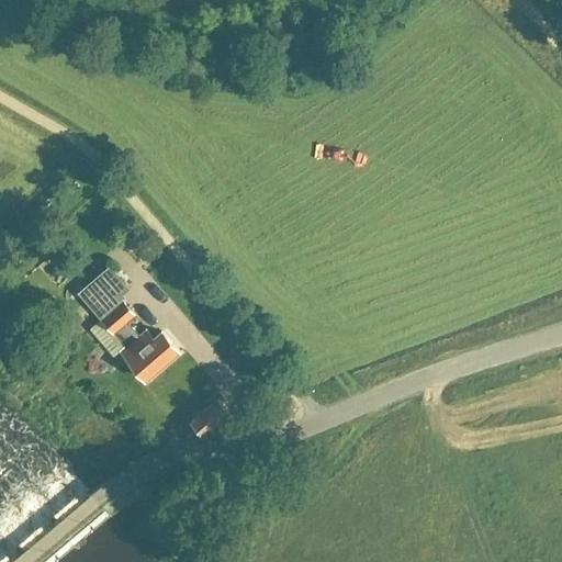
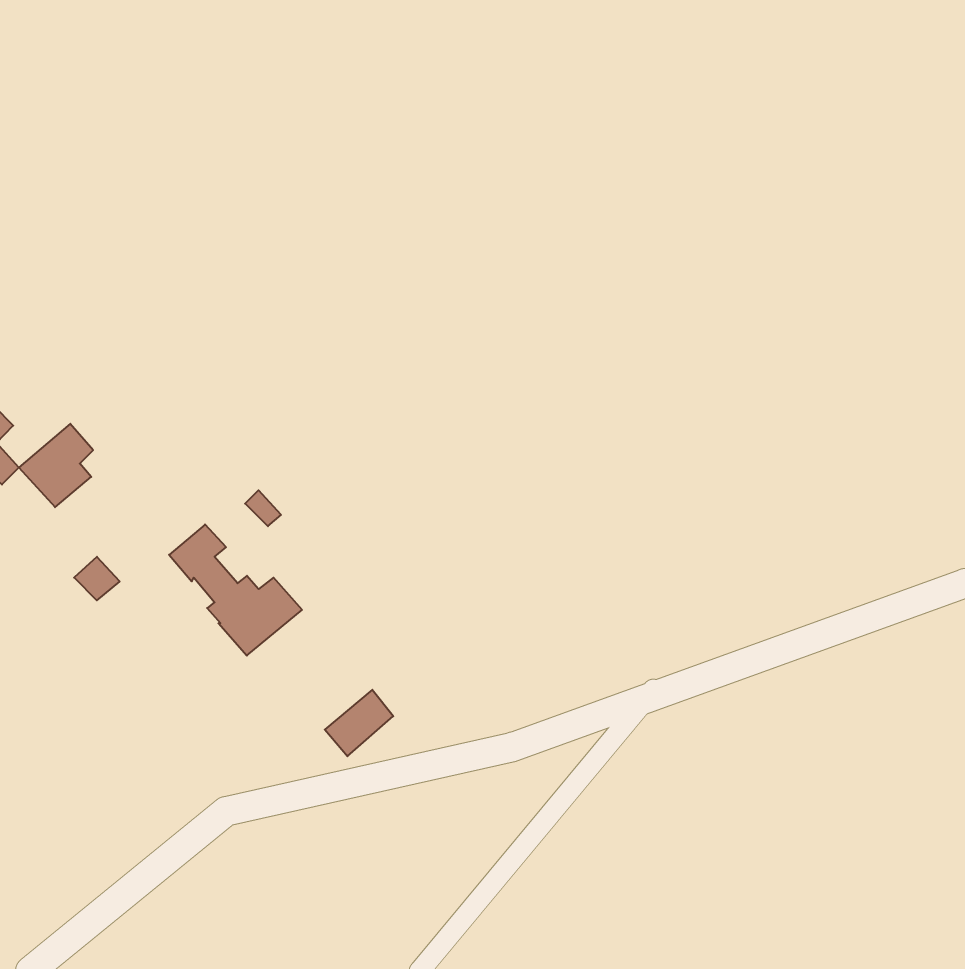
building: [78,271,121,319] -> [19,424,93,507]

